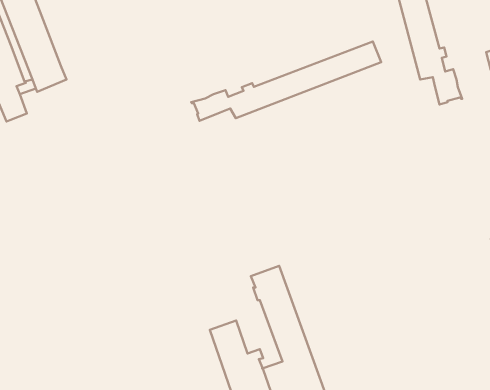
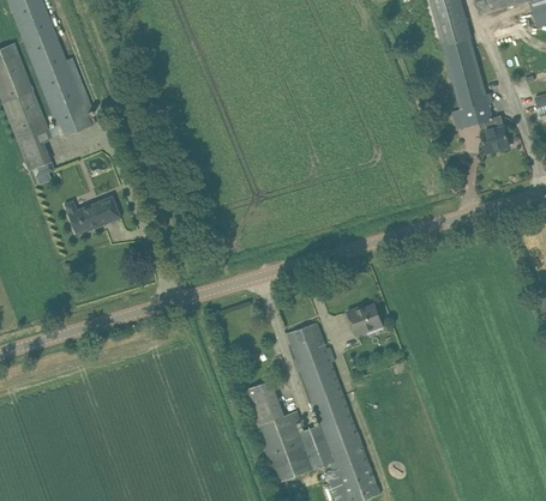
building: [191,41,381,121] -> none
building: none -> [62,195,120,234]
building: none -> [348,304,382,336]

